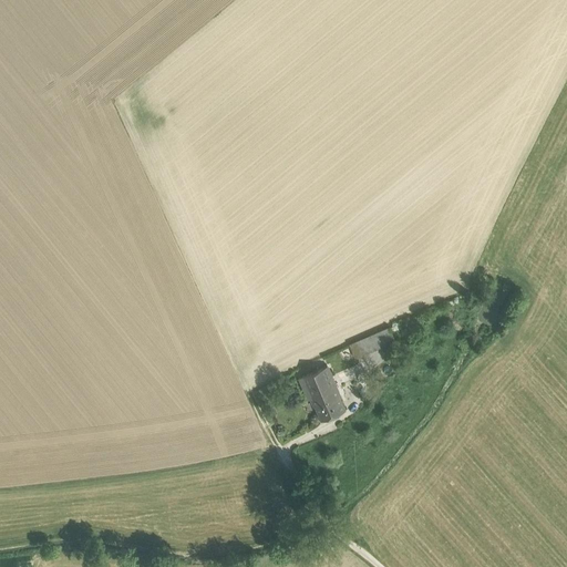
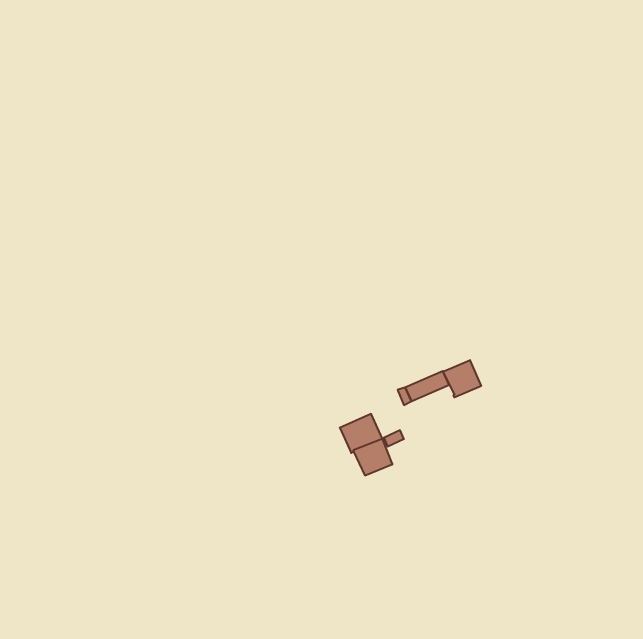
building: none -> [443,360,481,397]

